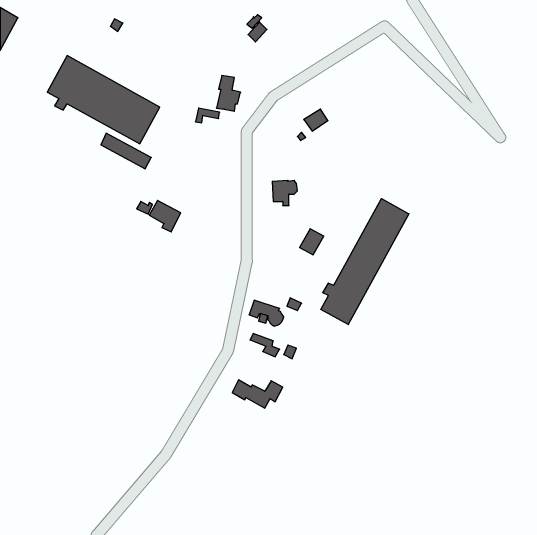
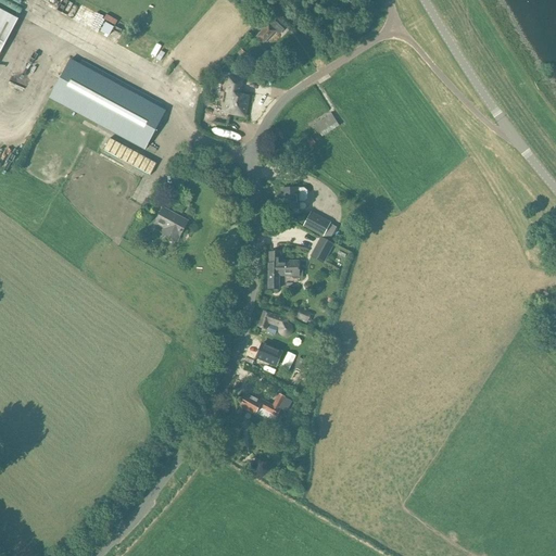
building: [321,199,409,325] -> none
building: none -> [303,212,338,241]
building: none -> [268,252,303,289]

